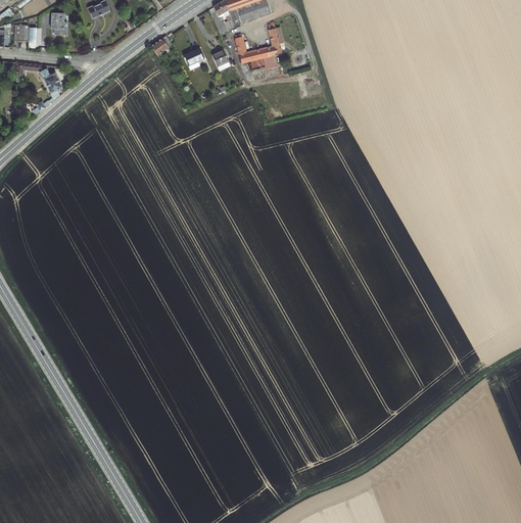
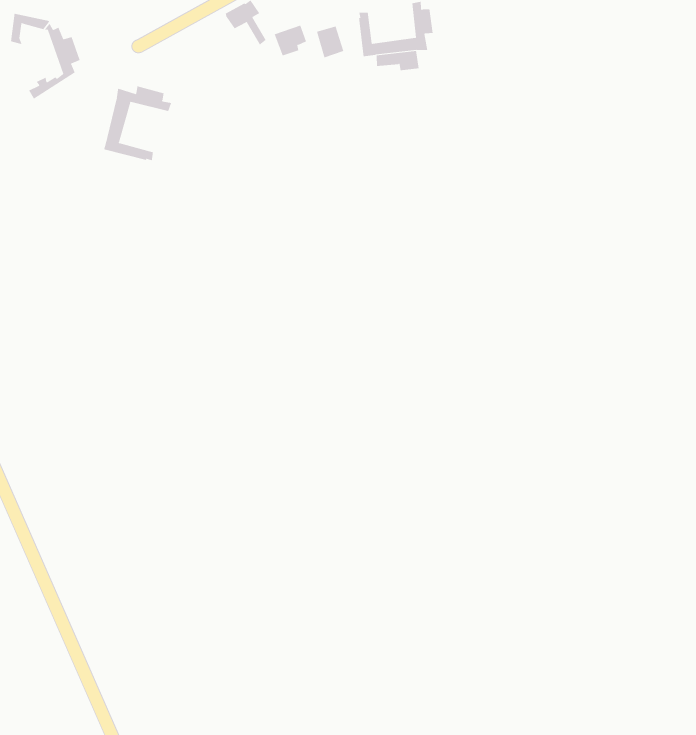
building: none -> [104,86,172,161]

